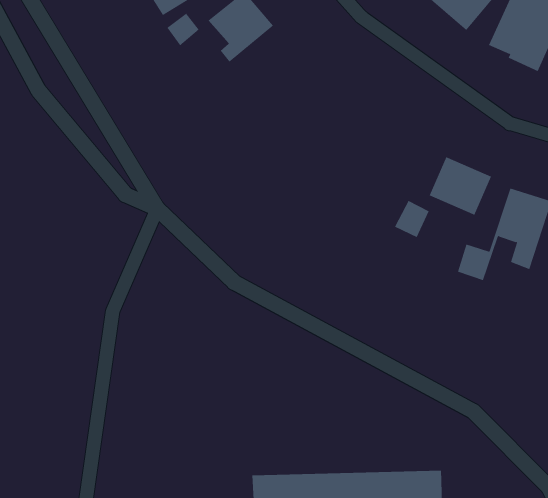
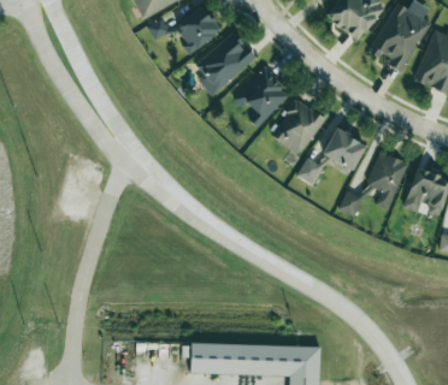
building: none -> [195,32,257,95]
building: none -> [234,67,290,126]
building: none -> [270,99,325,156]

